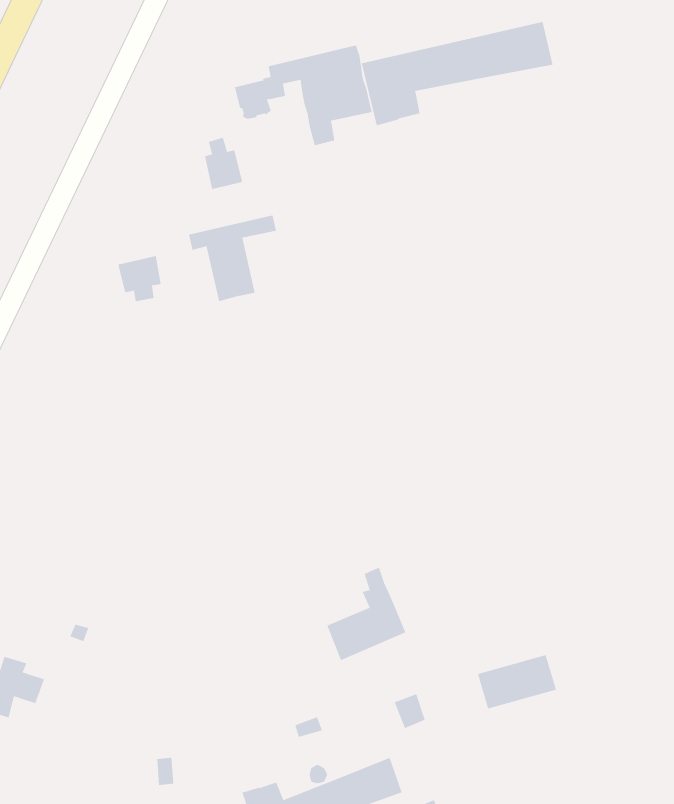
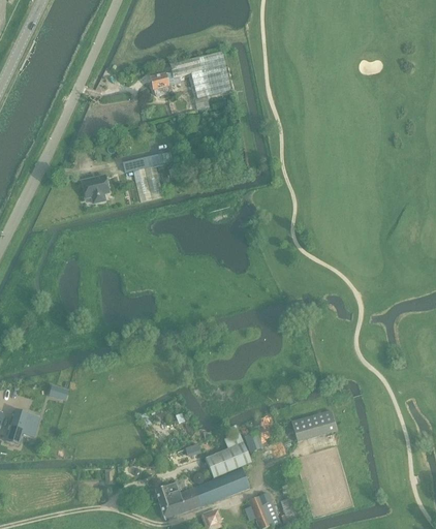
building: [361,21,553,126] -> none
building: [204,137,243,190] -> none
building: [326,567,406,661] -> [204,424,250,478]

